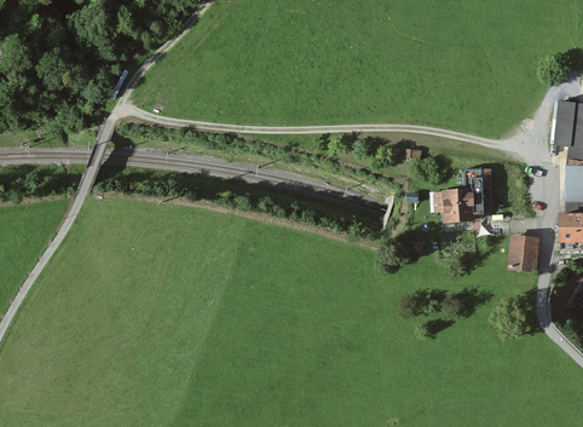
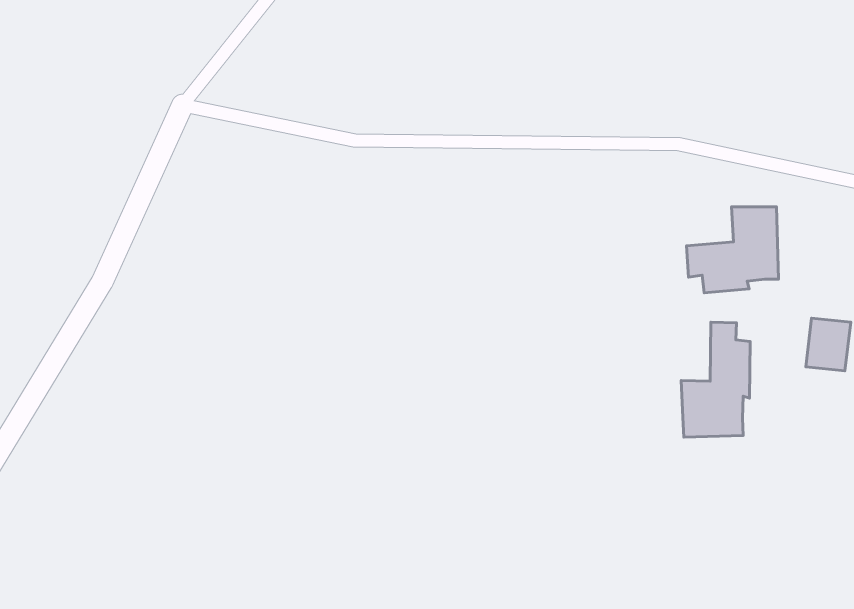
building: none -> [681,322,750,437]

